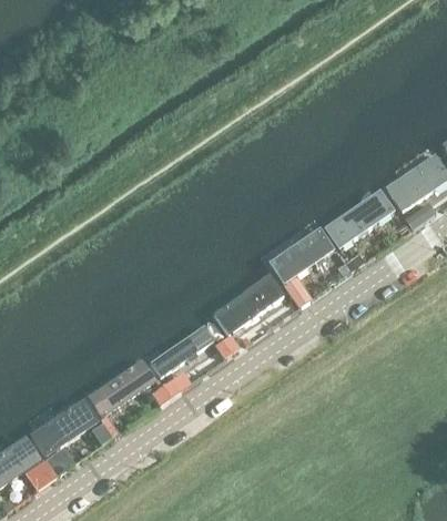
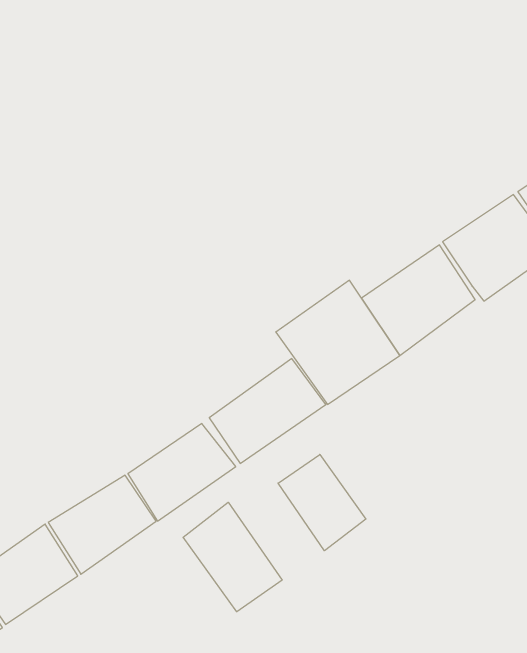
building: none -> [278,454,366,551]
building: none -> [183,502,282,612]

